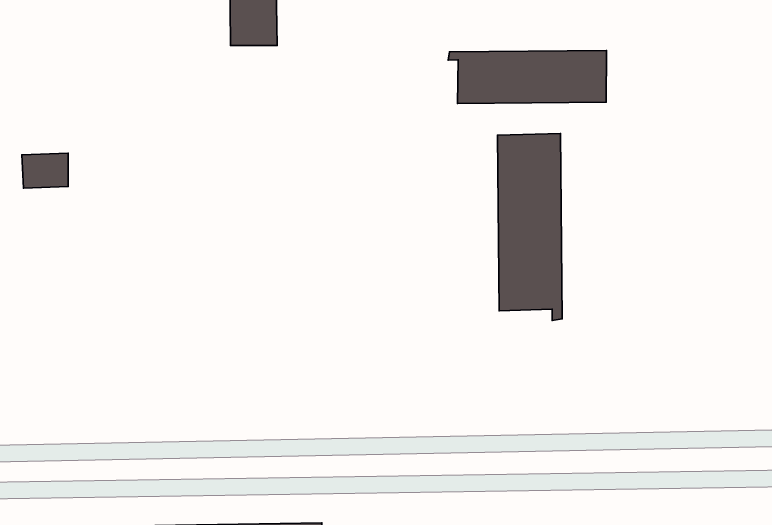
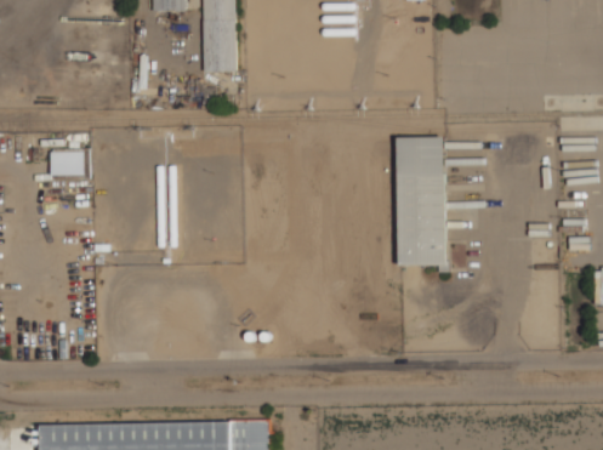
building: [448,50,606,103] -> none

